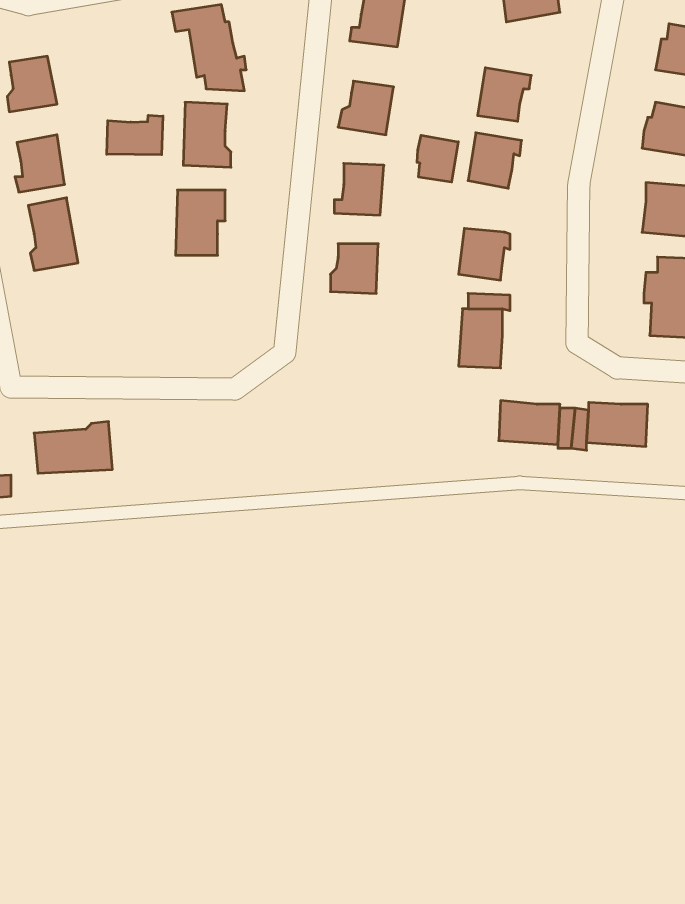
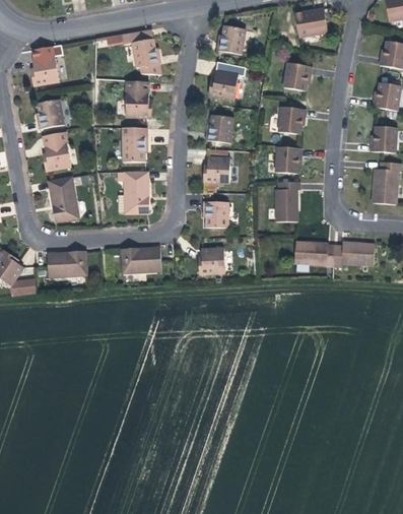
building: [107,115,163,155] -> none
building: [417,135,458,182] -> none
building: none -> [117,173,149,214]
building: none -> [50,178,81,223]
building: none -> [205,201,230,228]
building: none -> [201,247,225,273]
building: none -> [124,249,163,273]

